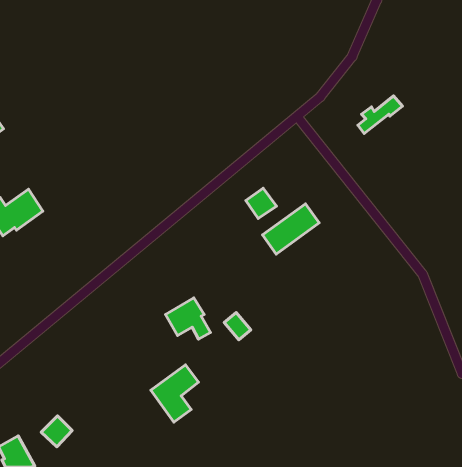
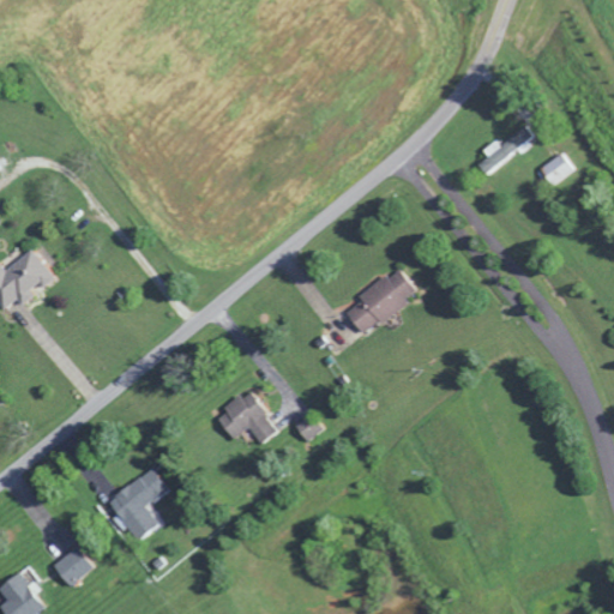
building: none -> [532,152,568,186]
building: [246,188,276,219] -> none
building: [151,365,198,422] -> [108,466,170,542]

